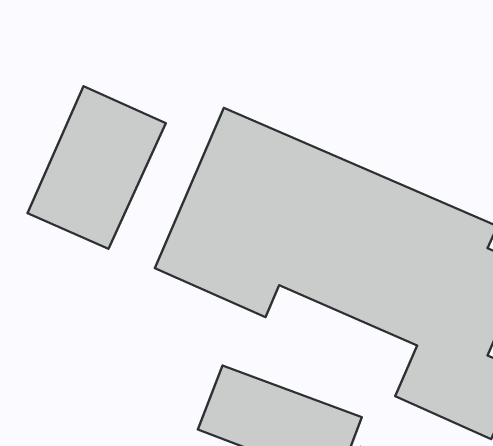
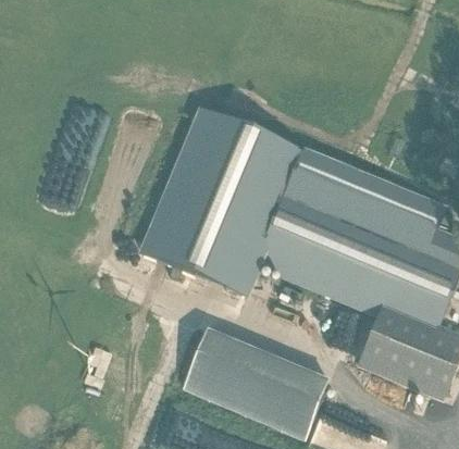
building: [27,86,166,249] -> none

